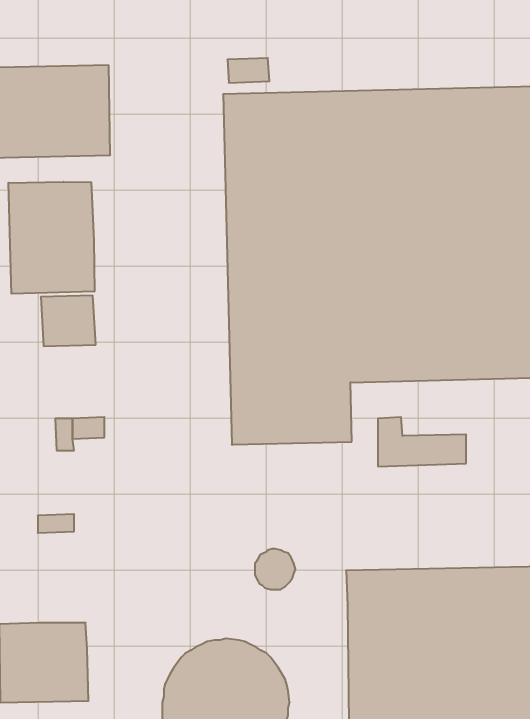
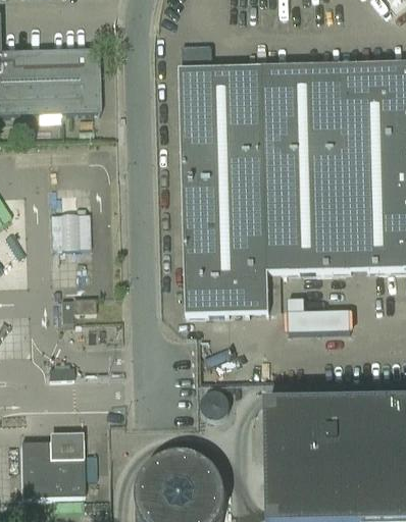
building: [8,182,94,294] -> none

